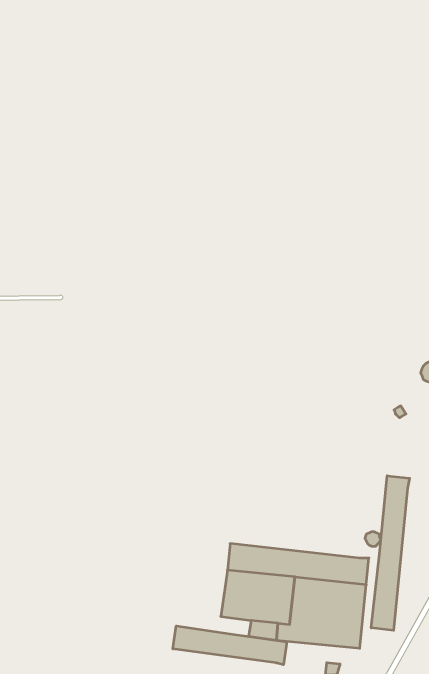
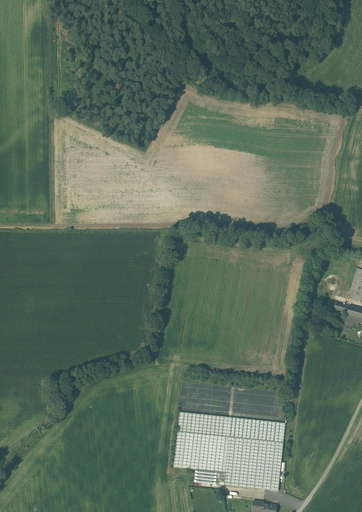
building: [371,476,410,630] -> none
building: [173,626,287,665] -> none

